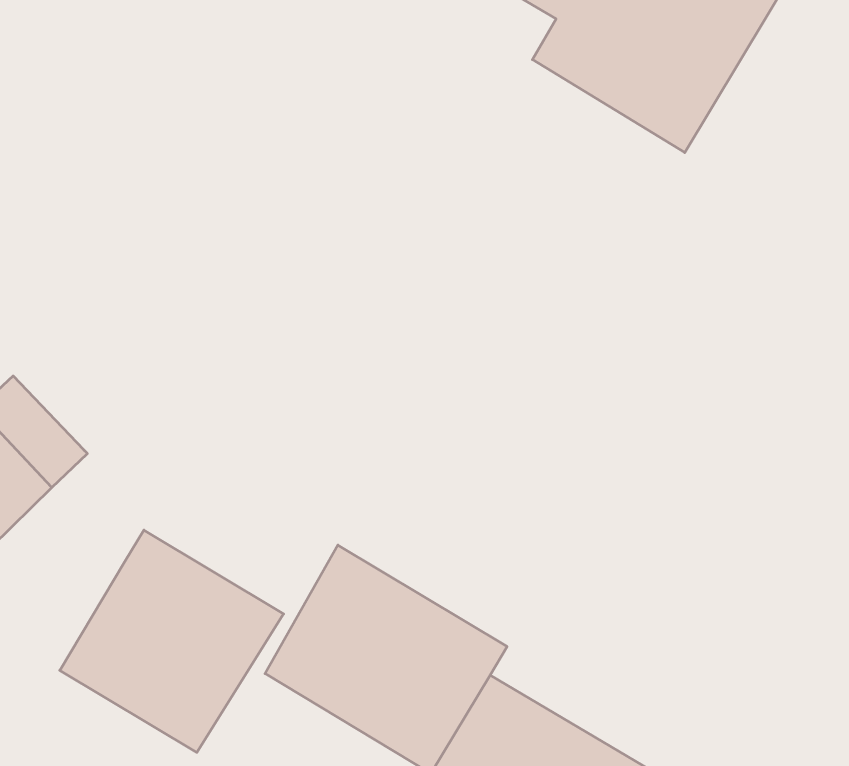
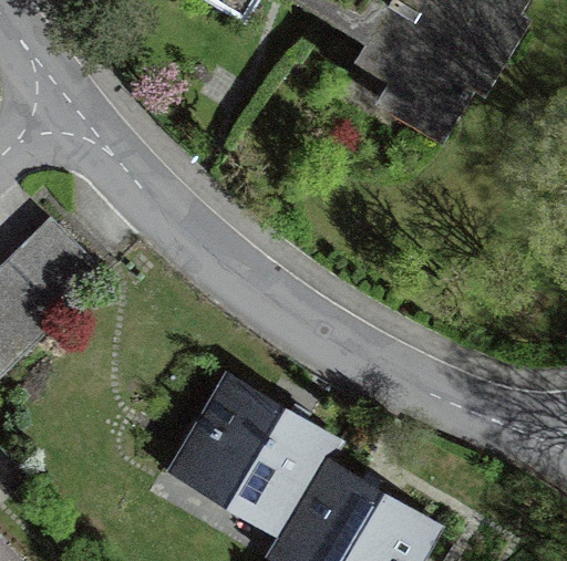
building: none -> [10,224,101,314]
building: [60,530,284,752] -> none

